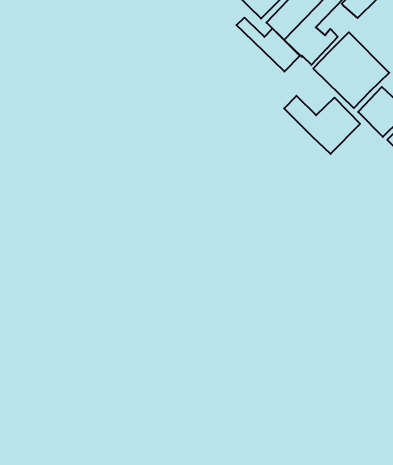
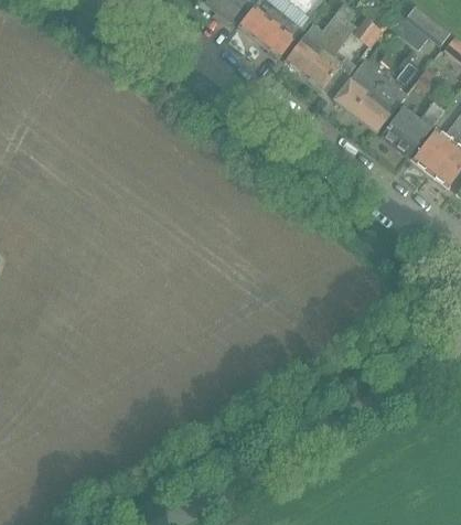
building: [236,18,300,72] -> none
building: [284,96,360,154] -> none

